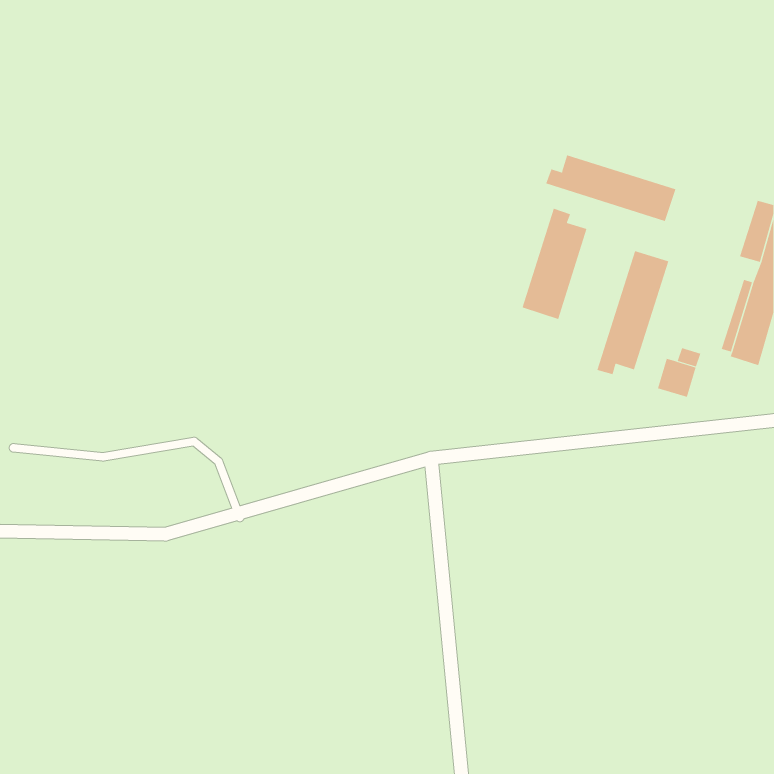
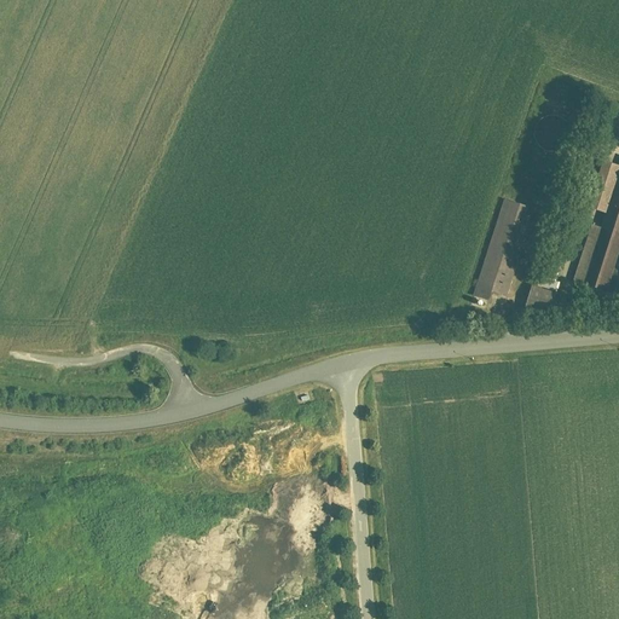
building: [546,154,676,222] -> none
building: [522,208,587,320] -> none

